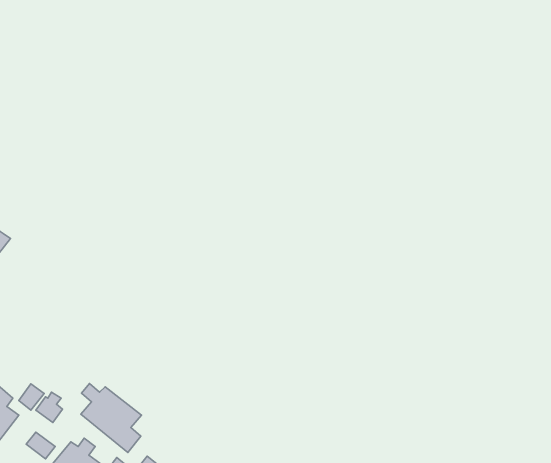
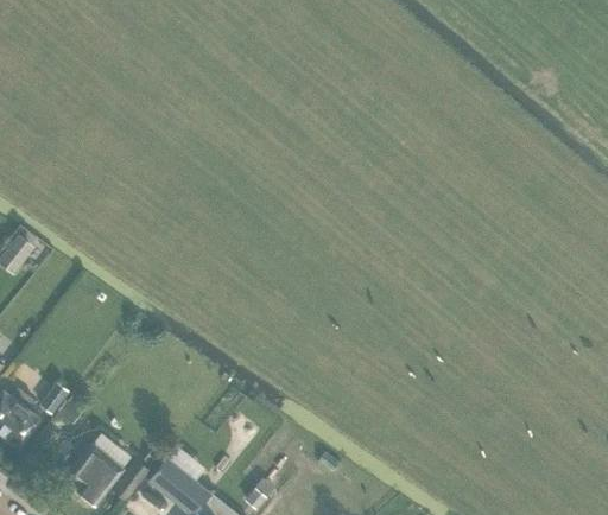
building: [81,383,142,453] -> none

